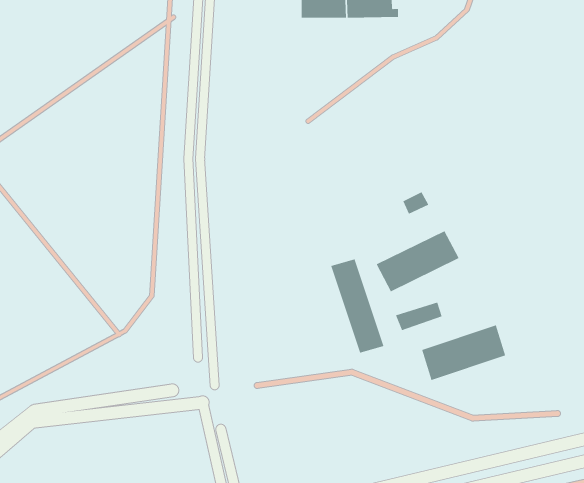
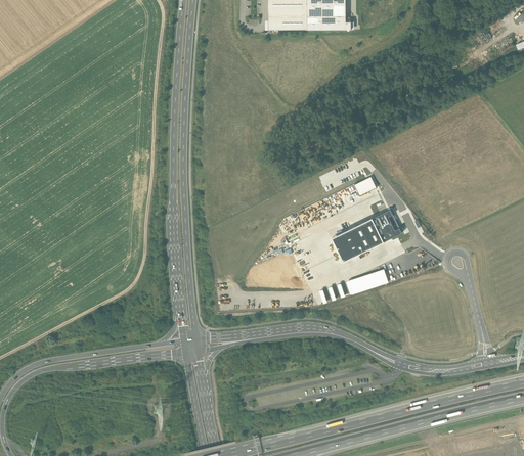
building: [331,258,384,354] -> none
building: [422,324,506,381] -> none

